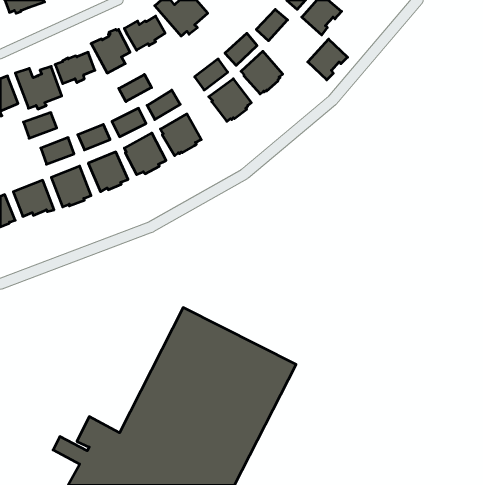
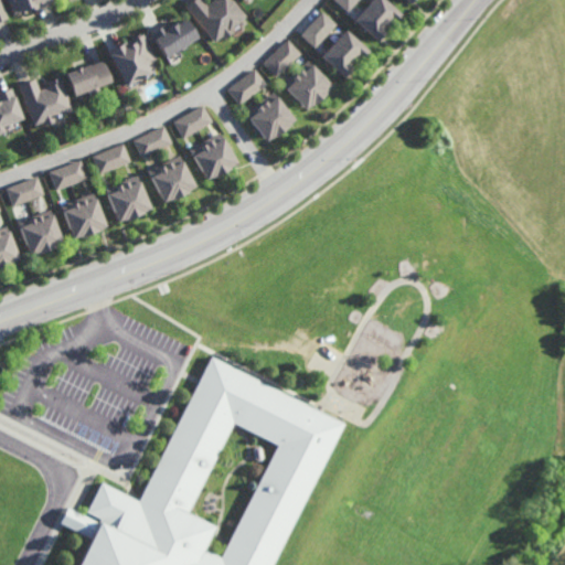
building: [308,39,348,80] -> [320,30,366,77]
building: [119,74,152,102] -> none
building: [23,113,57,138] -> [7,178,45,207]

